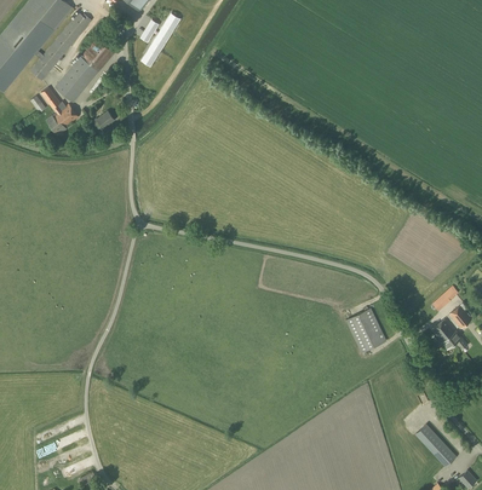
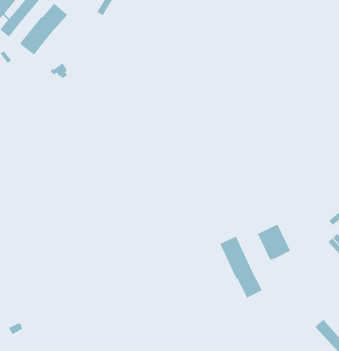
building: [41,86,79,134] -> none
building: none -> [220,236,262,298]

